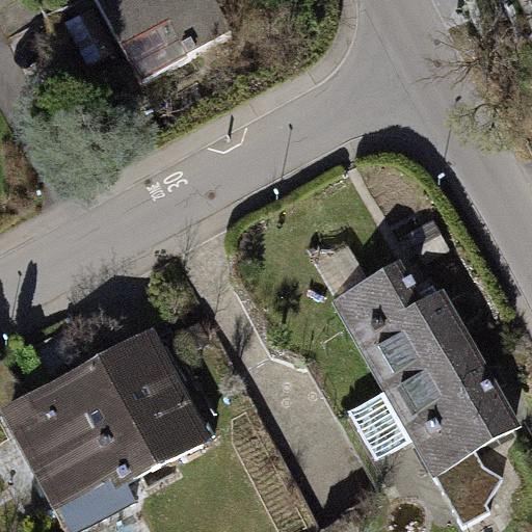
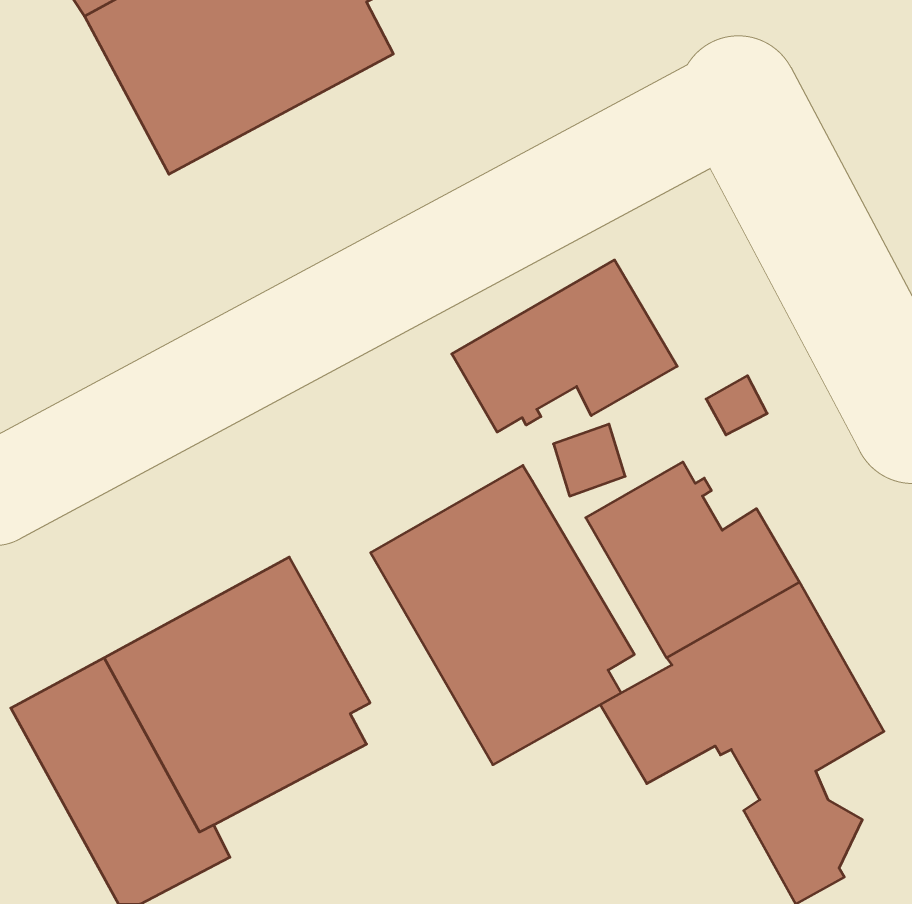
building: none -> [452,260,677,432]
building: none -> [371,465,634,765]

